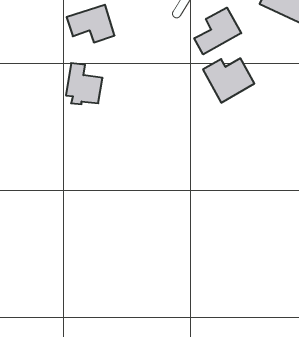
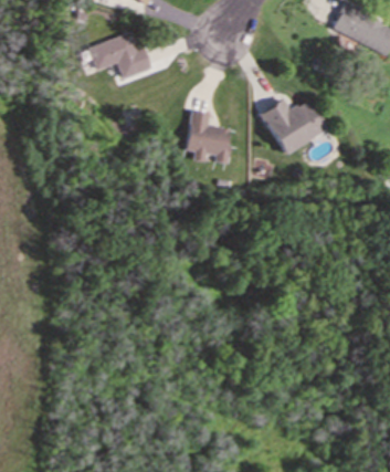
building: [194,8,241,54] -> none
building: [66,63,103,104] -> [186,109,232,161]

